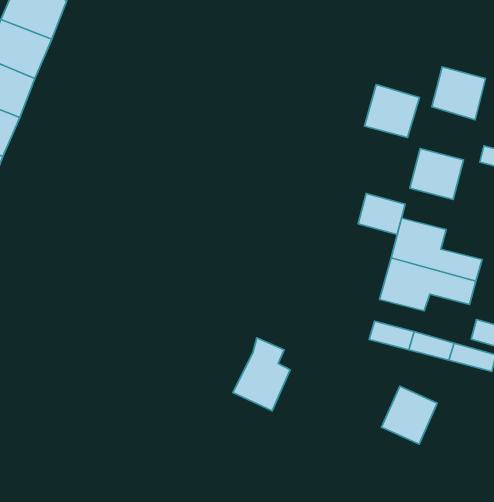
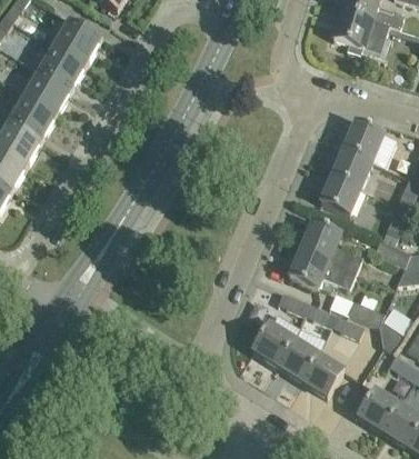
building: [364,85,419,138] -> [331,147,372,187]
building: [358,194,405,234] -> none
building: [233,338,290,411] -> [251,312,293,365]
building: none -> [301,353,343,396]

